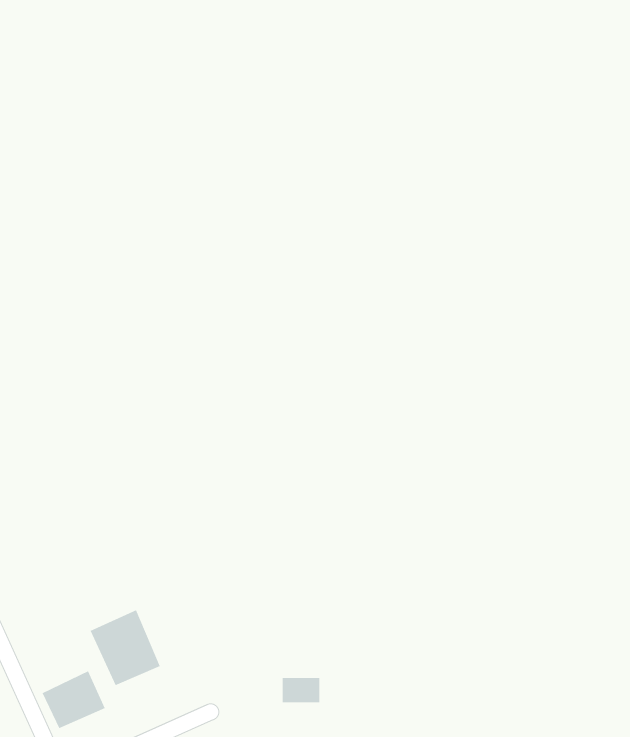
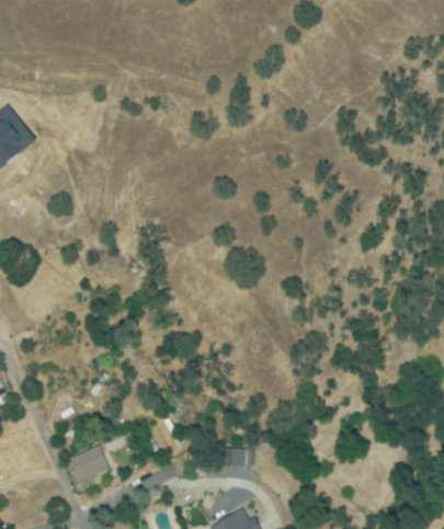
building: [89,609,161,686] -> none

